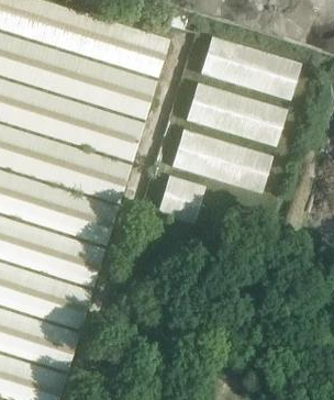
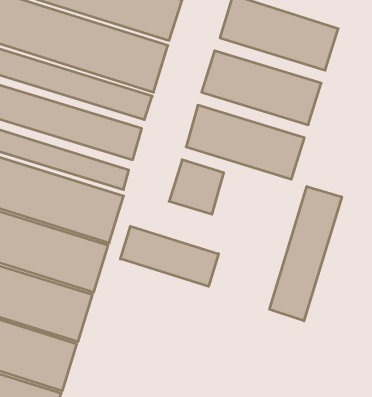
building: none -> [270,186,342,321]
building: none -> [120,226,219,286]

